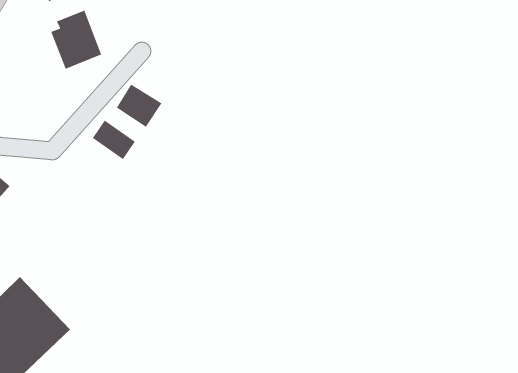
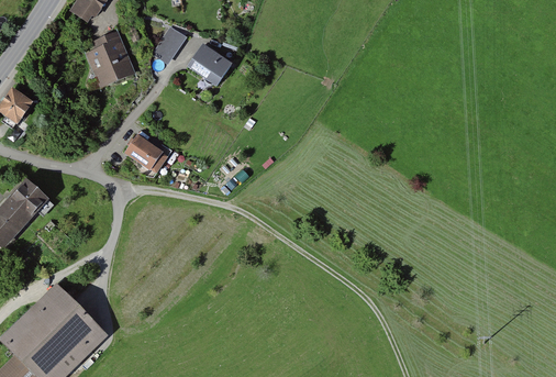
building: none -> [152,26,187,64]
building: [116,84,162,128] -> [188,43,232,85]

